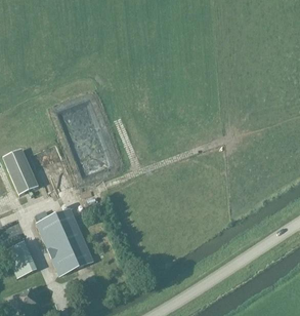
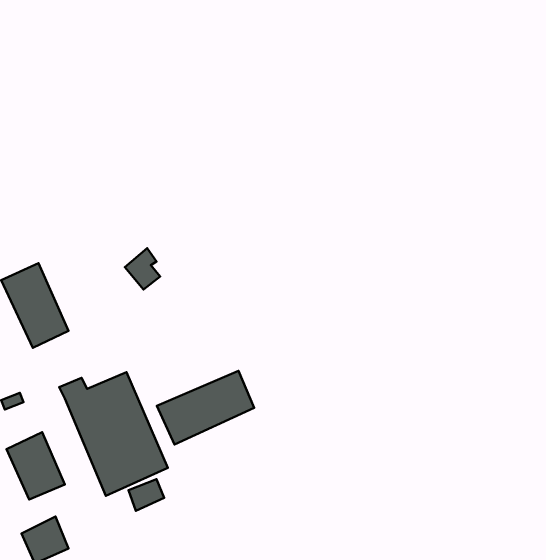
building: none -> [157,371,254,444]

